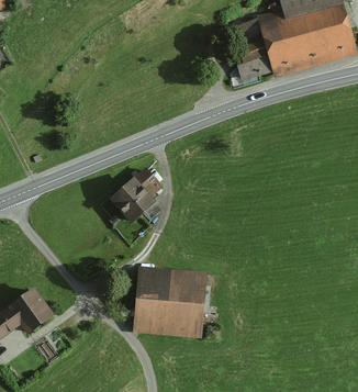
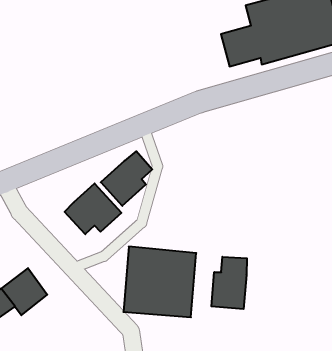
building: none -> [65,183,121,234]
building: none -> [211,257,247,309]

